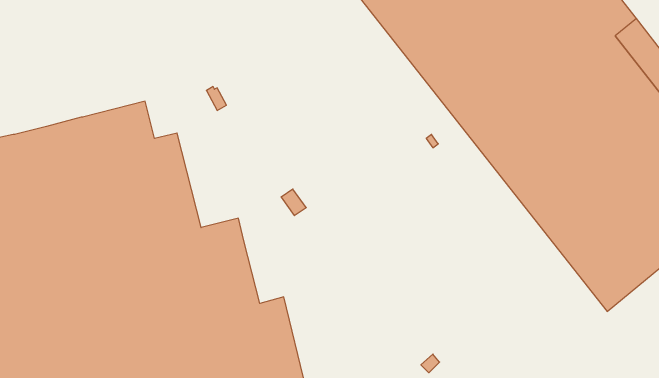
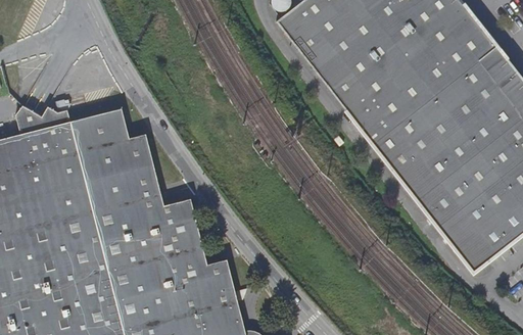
building: none -> [14,106,72,136]

